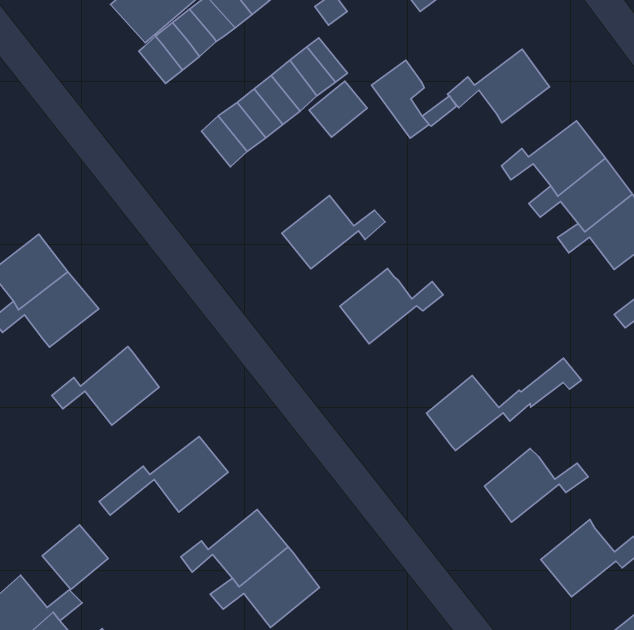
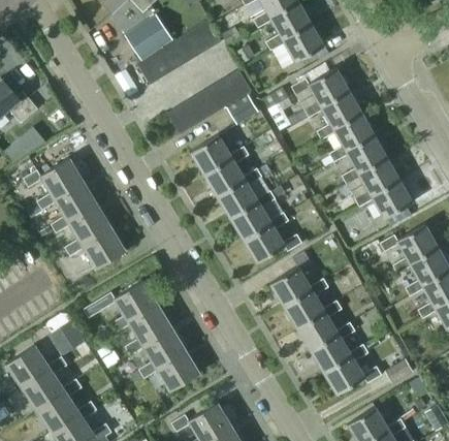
building: none -> [291,67,349,106]
building: none -> [317,113,374,150]
building: none -> [190,134,248,175]
building: none -> [217,179,275,219]
building: none -> [244,224,301,262]
building: none -> [51,203,110,245]
building: none -> [284,289,342,328]
building: none -> [111,303,170,344]
building: none -> [310,333,368,373]

